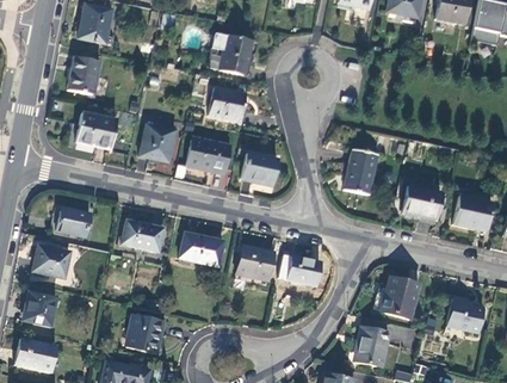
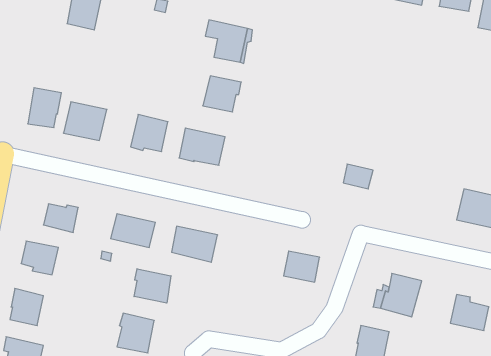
building: [68,55,100,93] -> [28,88,61,128]
building: [347,149,377,177] -> none
building: [242,152,277,184] -> none
building: [402,185,440,220] -> none
building: [236,243,273,278] -> none
building: none -> [134,269,171,303]

